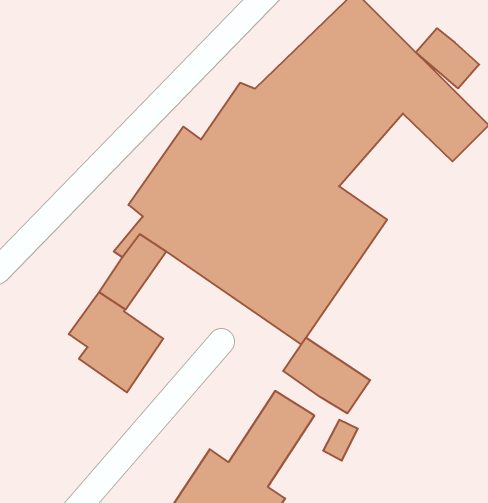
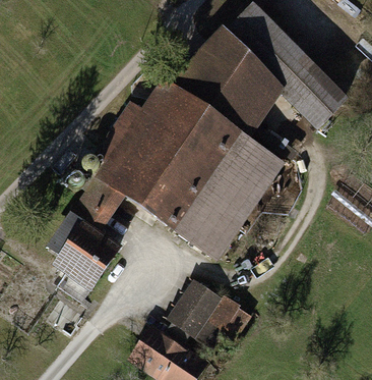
building: [416,28,479,88] -> none
building: [283,338,370,413] -> none

